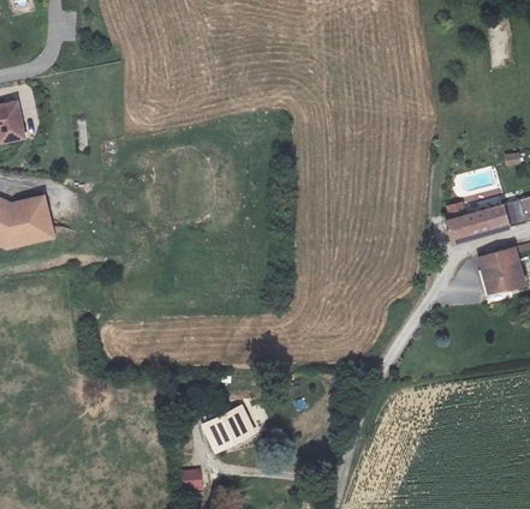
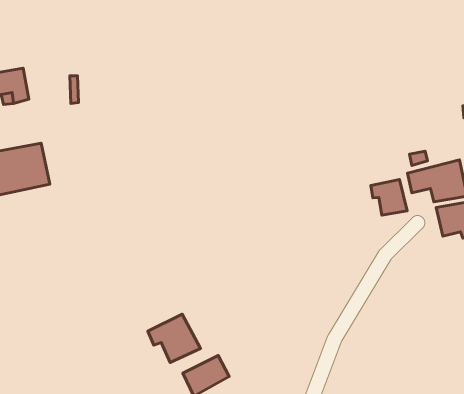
building: none -> [371,179,407,215]
building: none -> [148,314,200,363]

